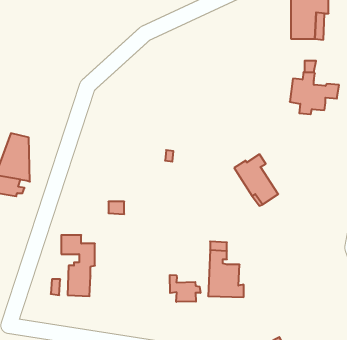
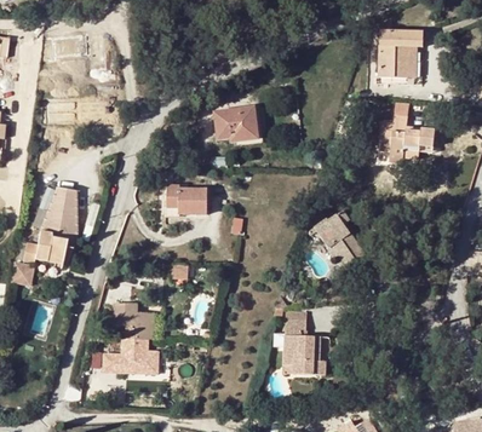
building: none -> [214,106,257,142]
building: none -> [166,185,207,213]
building: [170,275,200,302] -> none

